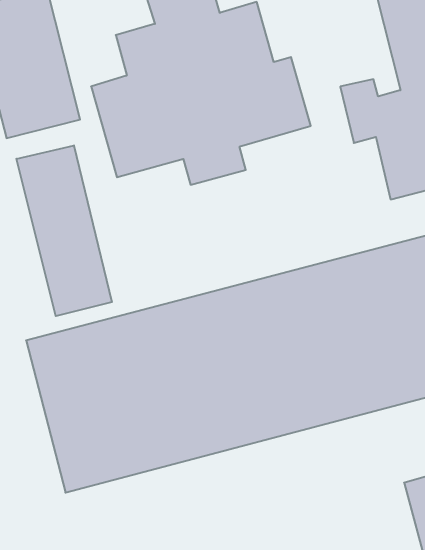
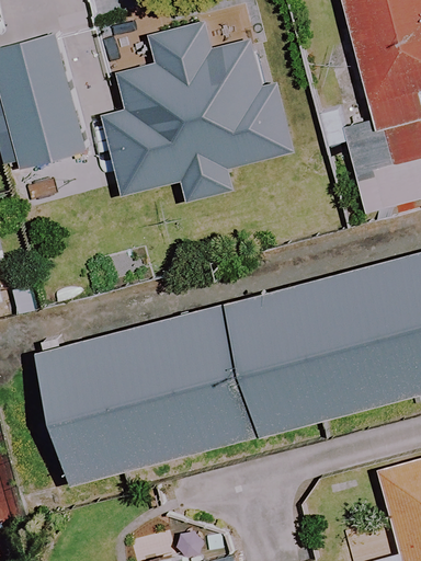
building: [16,145,112,316] -> none

